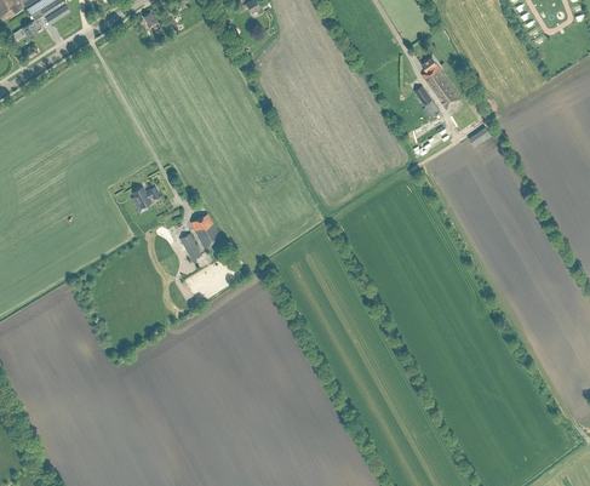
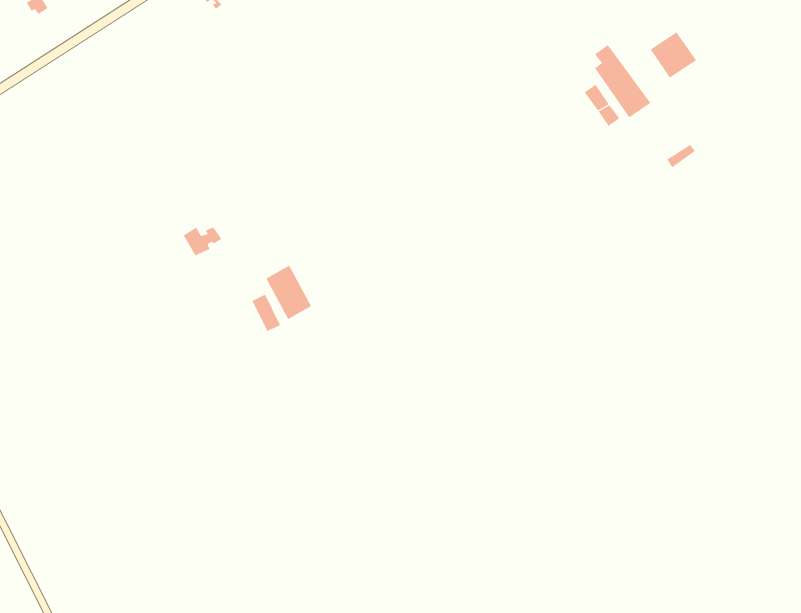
building: none -> [650,31,697,78]

